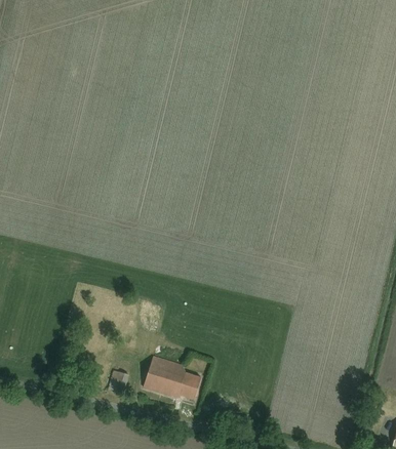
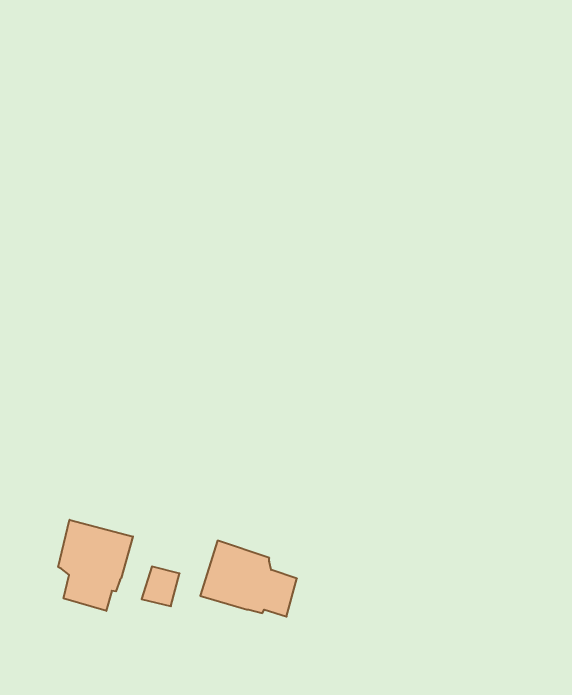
building: none -> [58,520,133,611]

